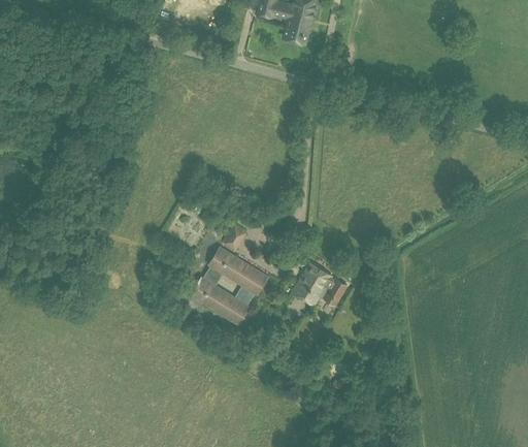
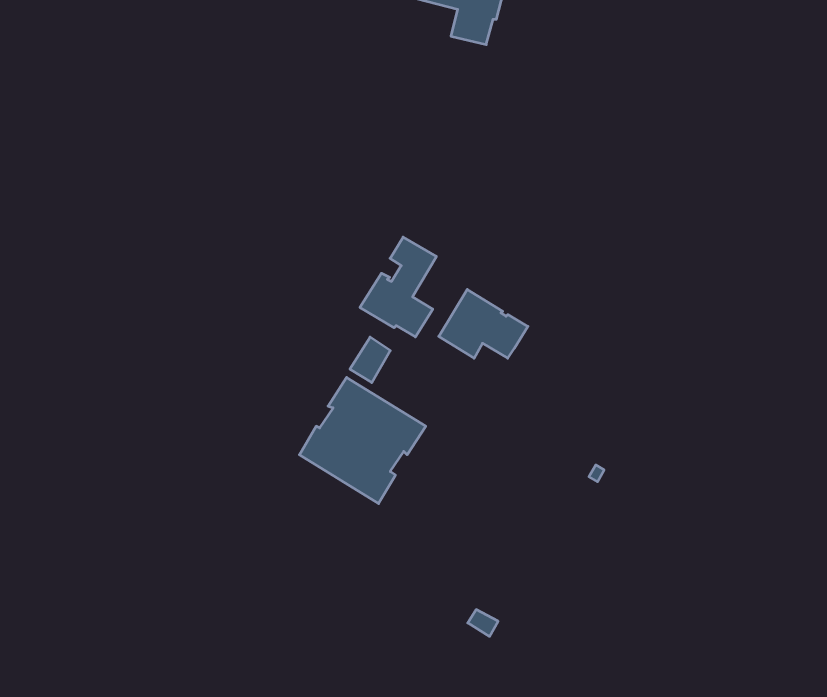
building: none -> [360,237,436,337]
building: [292,261,346,304] -> [439,289,528,358]

